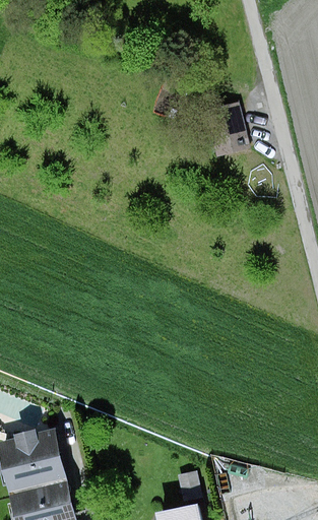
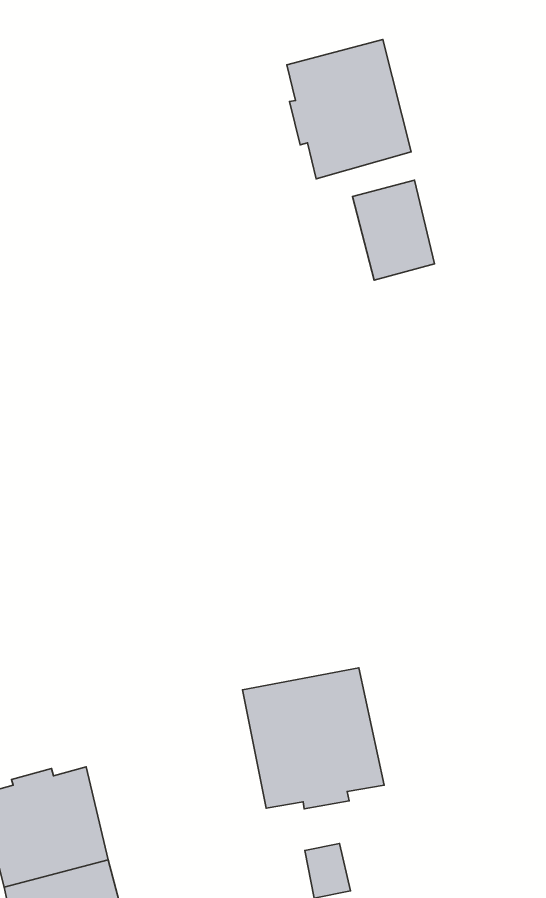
building: none -> [287,40,411,179]
building: none -> [242,668,384,809]

